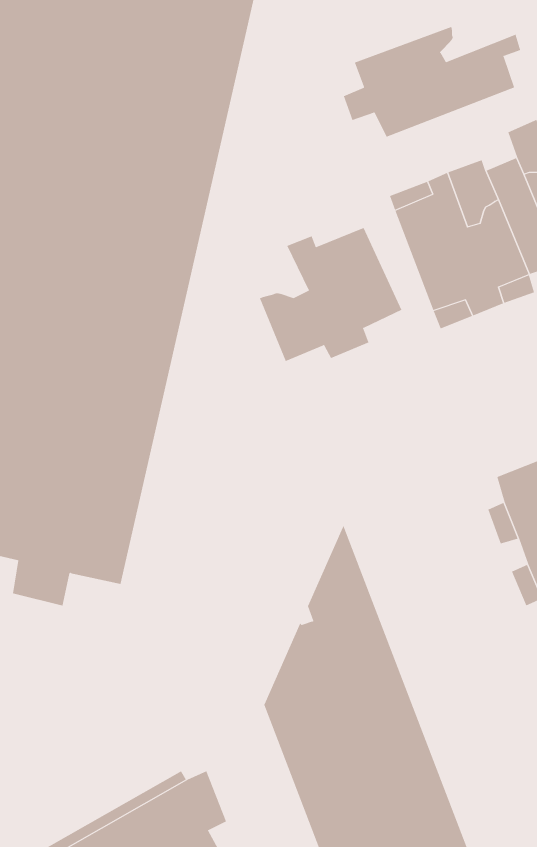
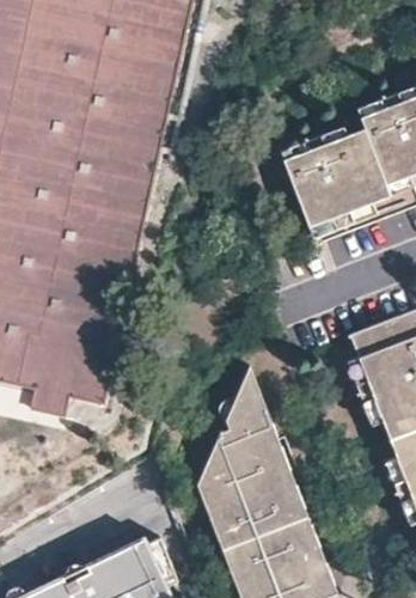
building: [343,26,521,138] -> none
building: [259,227,402,362] -> none

